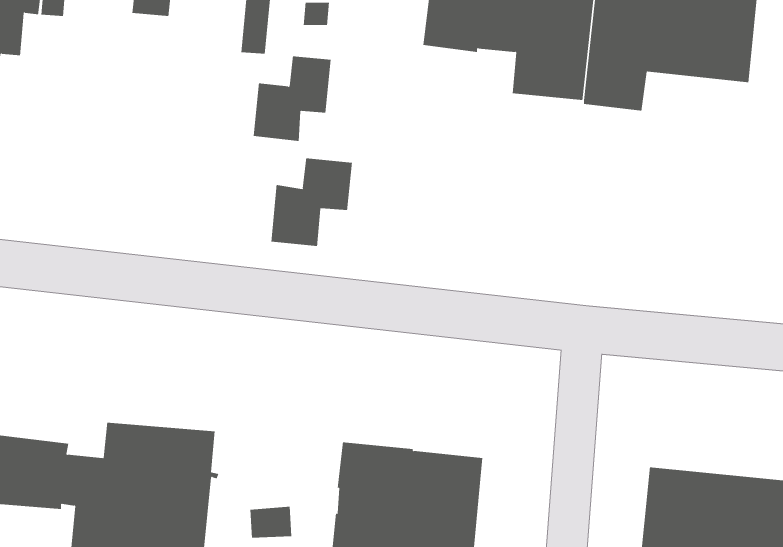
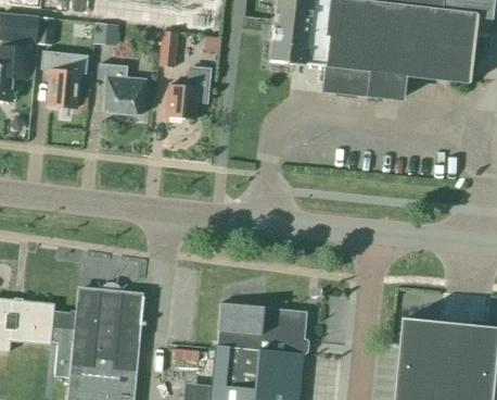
building: none -> [40,50,88,108]
building: none -> [98,63,145,114]
building: [271,158,353,247] -> none

